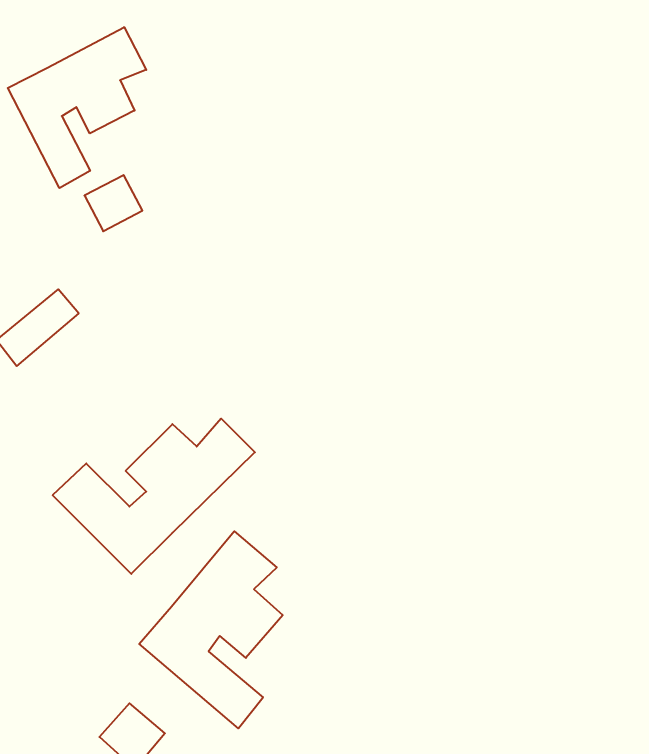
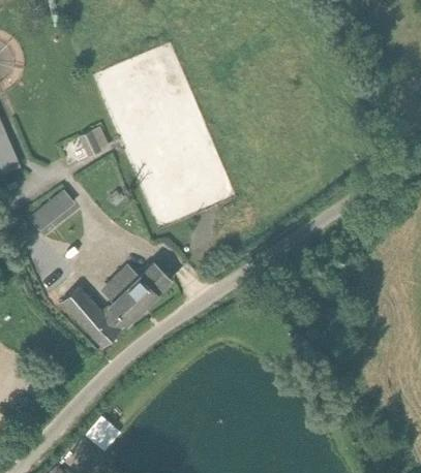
building: [8,27,146,188] -> none
building: [139,531,283,728] -> none

